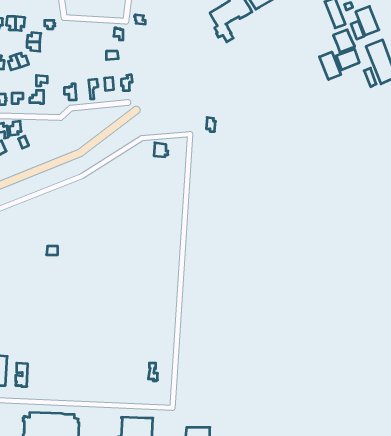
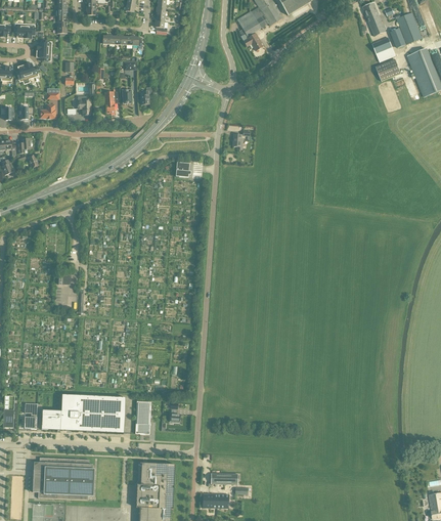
building: [319,52,341,80] -> none
building: none -> [41,393,125,432]
building: none -> [134,400,150,433]

